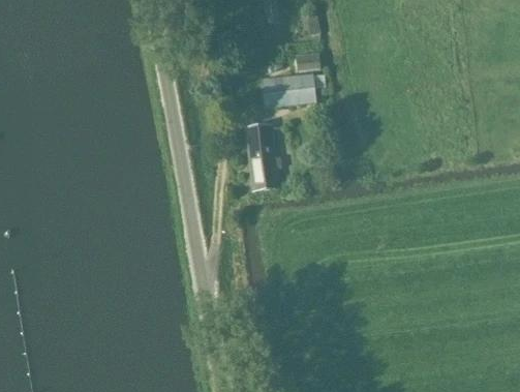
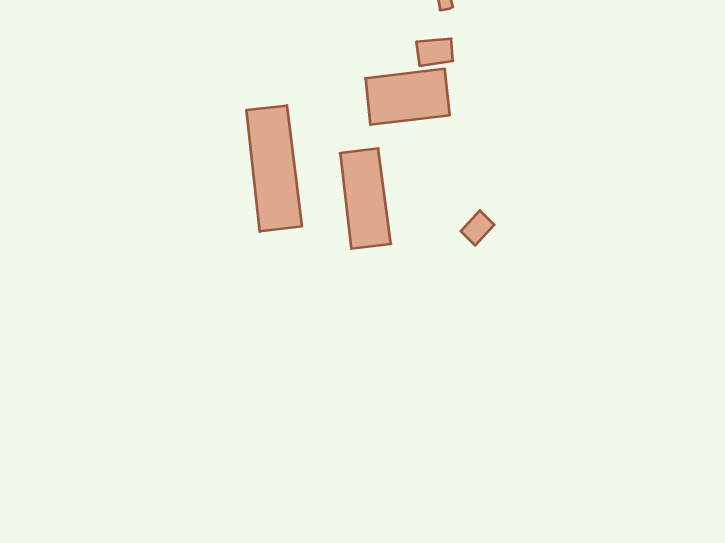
building: none -> [247,105,302,232]

